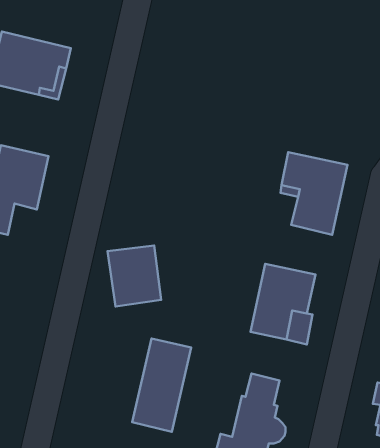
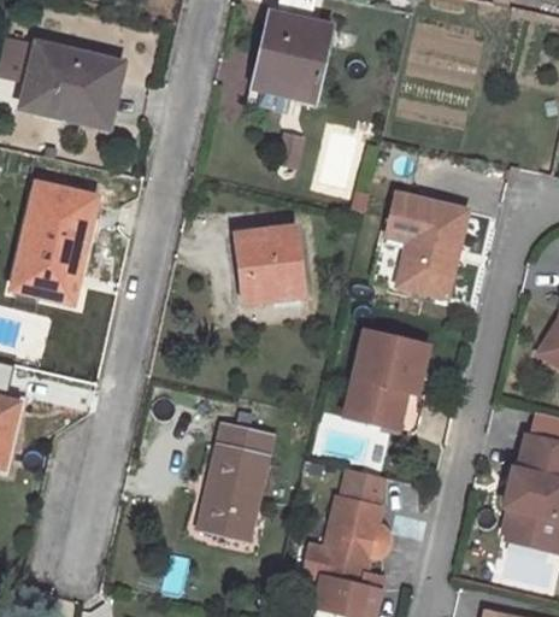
building: none -> [258,12,331,100]
building: none -> [45,255,81,301]
building: [108,245,161,307] -> [235,225,301,301]

